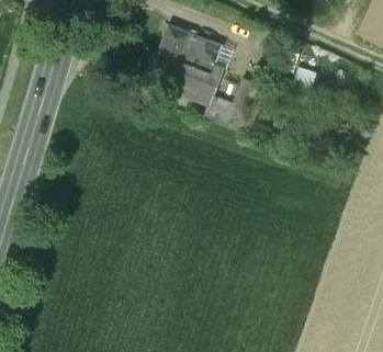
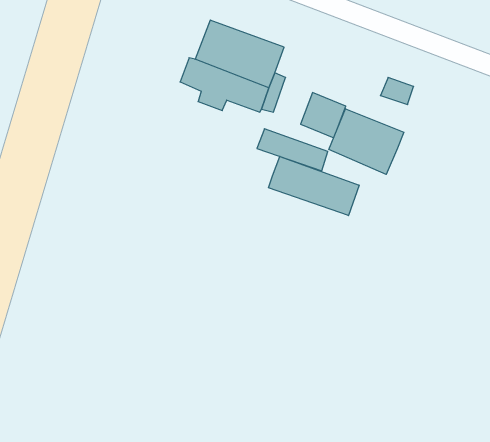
building: none -> [329,109,404,174]
building: none -> [268,156,359,216]

